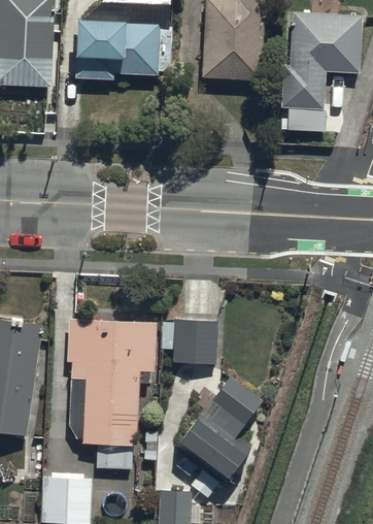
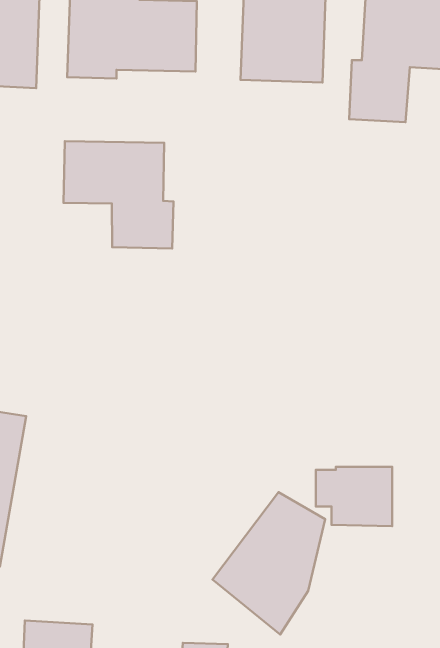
building: none -> [64,141,174,248]
building: [71,320,152,446] -> none
building: [161,320,216,363] -> [316,467,392,526]

